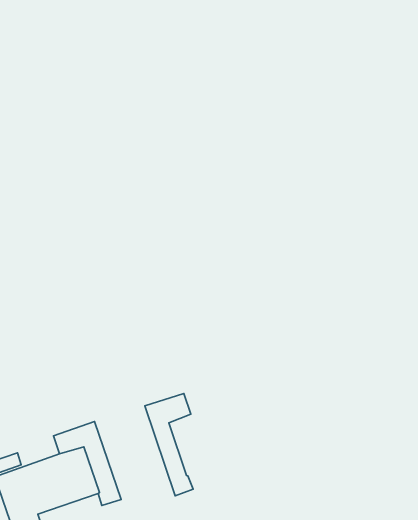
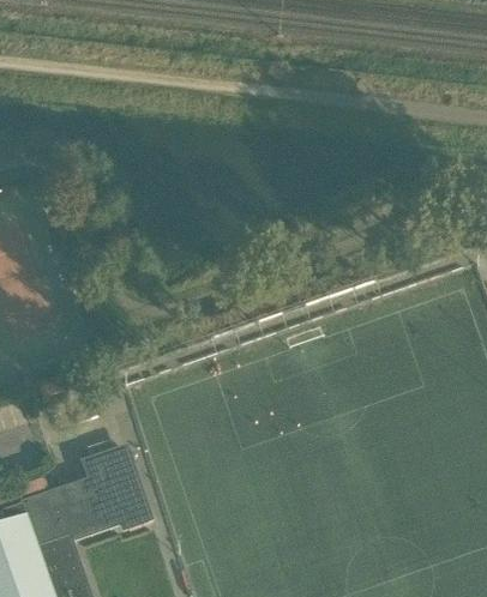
building: [145,393,193,496] -> none

